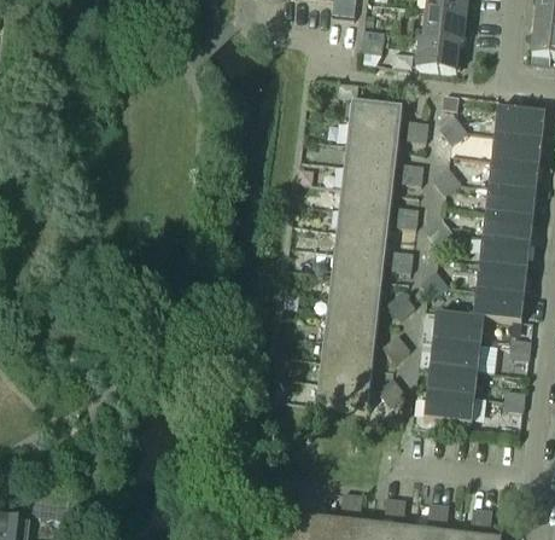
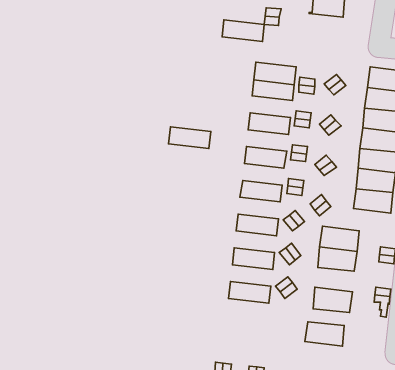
building: [416,36,463,70] -> none
building: [344,143,398,170] -> [222,20,264,42]
building: [339,186,393,214] -> [169,127,211,149]
building: [334,230,387,257] -> none
building: [328,273,382,301] -> none
building: [473,288,525,320] -> none
building: [323,317,378,344] -> none
building: [319,360,373,388] -> none
building: [427,364,478,395] -> [305,322,344,346]

